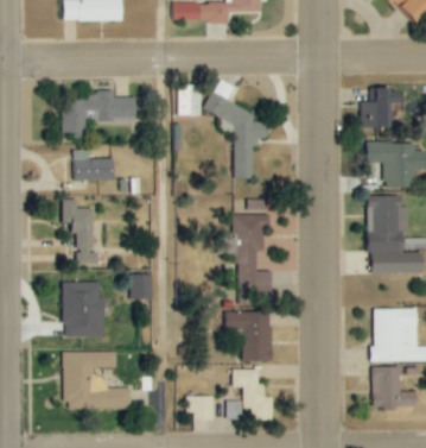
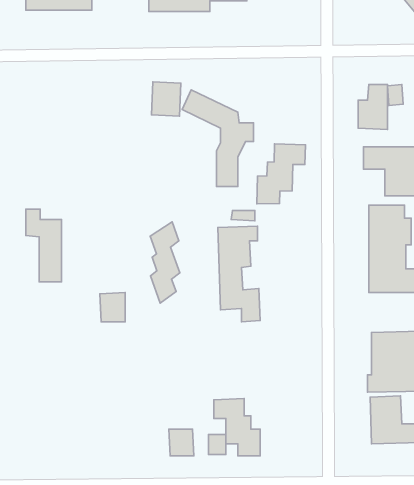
building: [62,90,135,135] -> none
building: none -> [257,144,306,204]
building: [75,150,114,179] -> none
building: none -> [150,222,180,303]
building: [63,282,104,336] -> none
building: [225,311,273,361] -> none
building: [63,351,131,409] -> none

